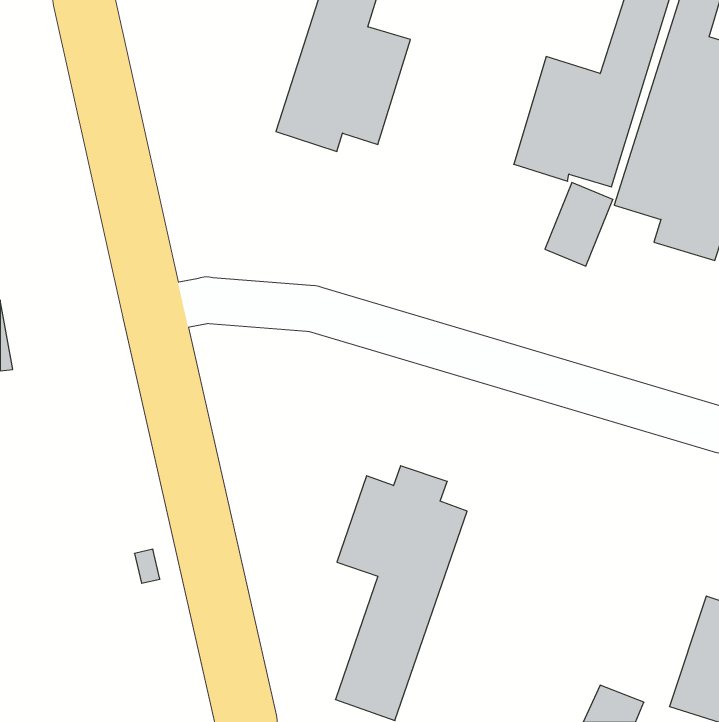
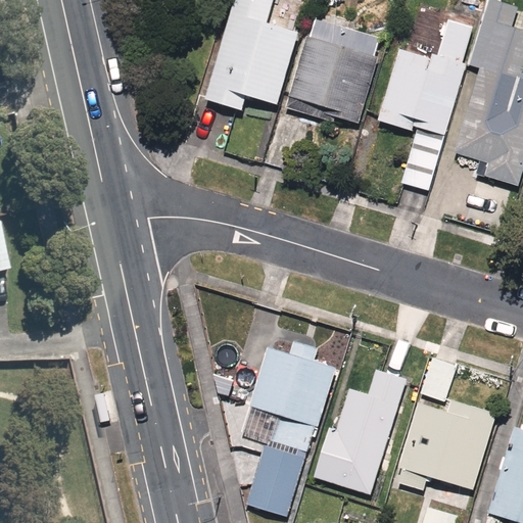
building: none -> [277,32,379,128]
building: none -> [390,351,497,490]
building: none -> [312,373,409,496]

